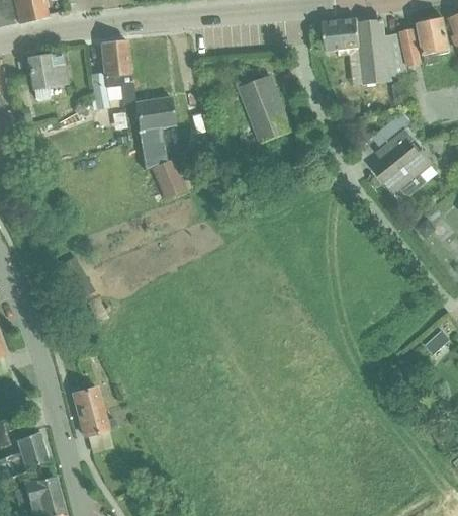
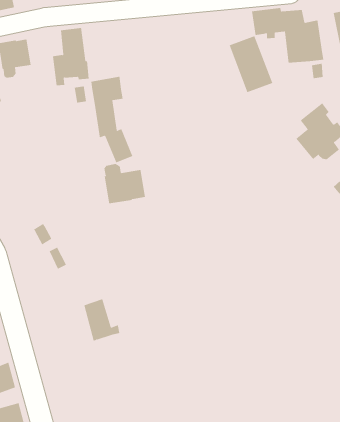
building: [400,29,422,66] -> none
building: [240,75,291,142] -> [229,35,273,93]
building: none -> [104,163,145,204]
building: [73,385,115,436] -> [84,298,120,342]

